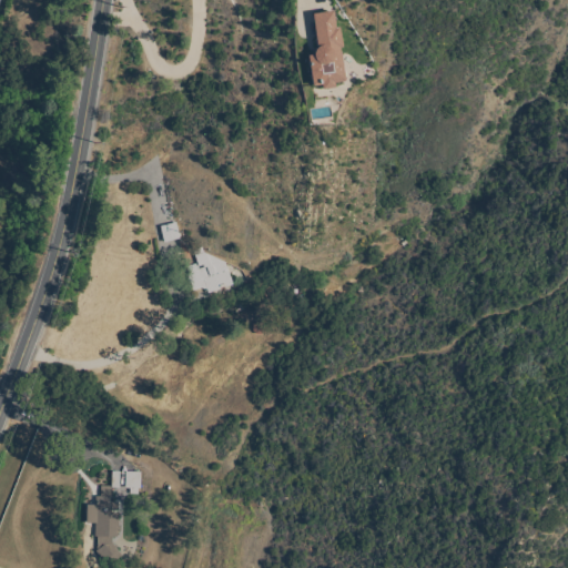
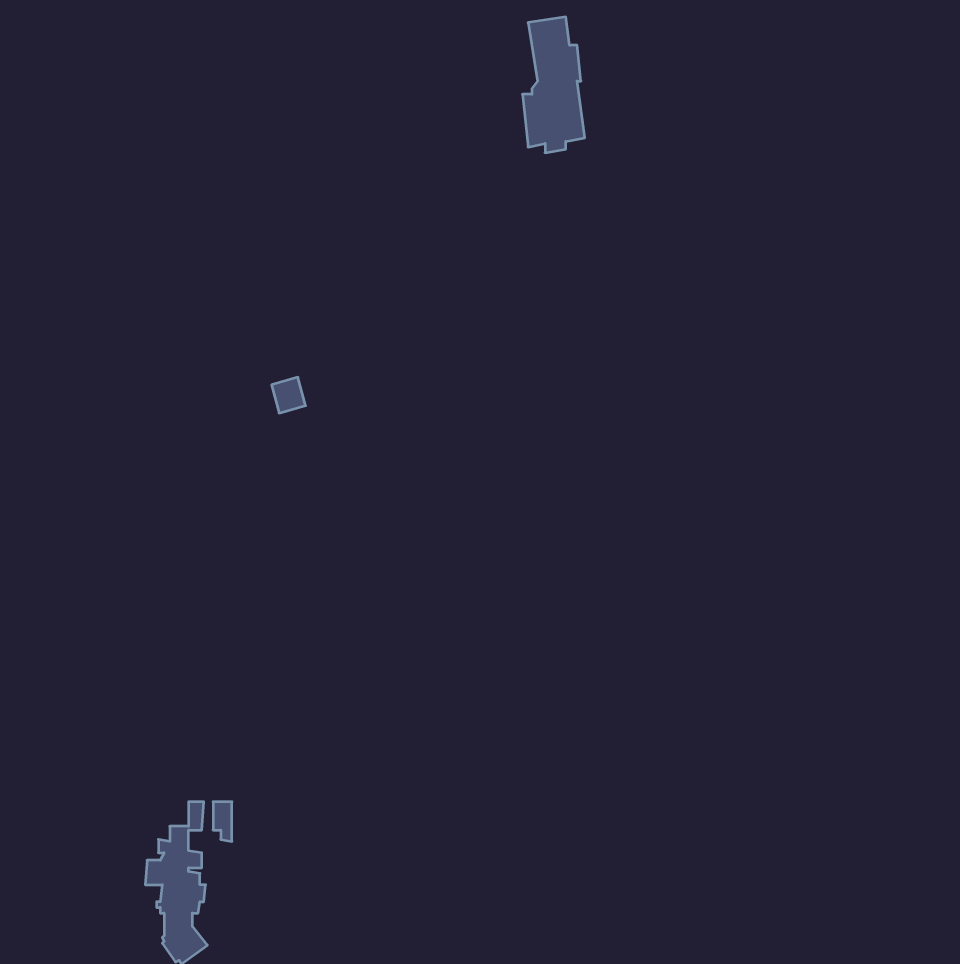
building: [186,247,235,294] -> none

